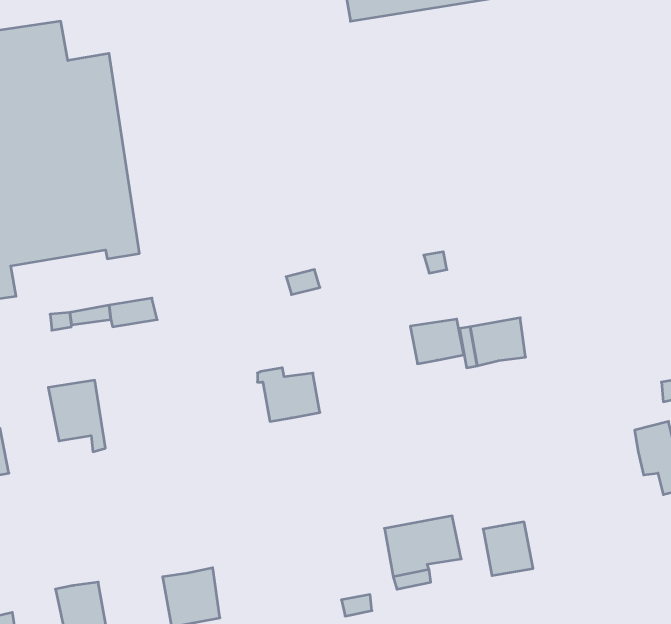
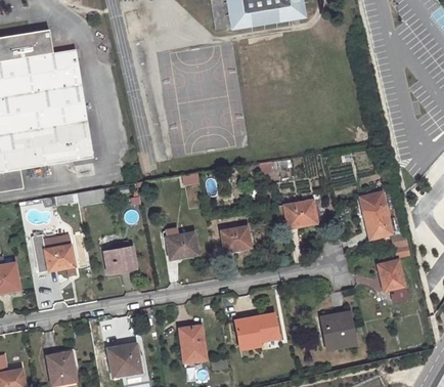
building: none -> [359,191,391,239]
building: [410,319,464,364] -> [220,226,251,252]
building: none -> [103,247,134,273]
building: [483,522,533,576] -> [323,315,352,346]
building: none -> [179,325,205,361]

